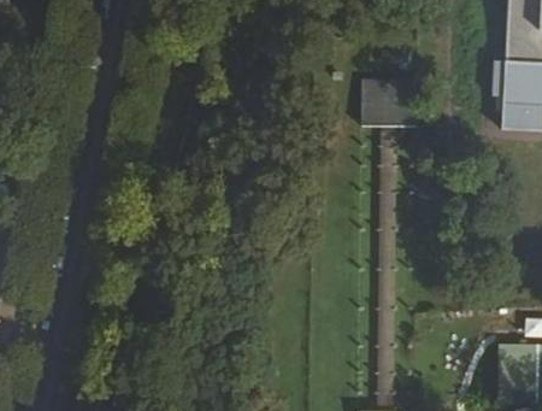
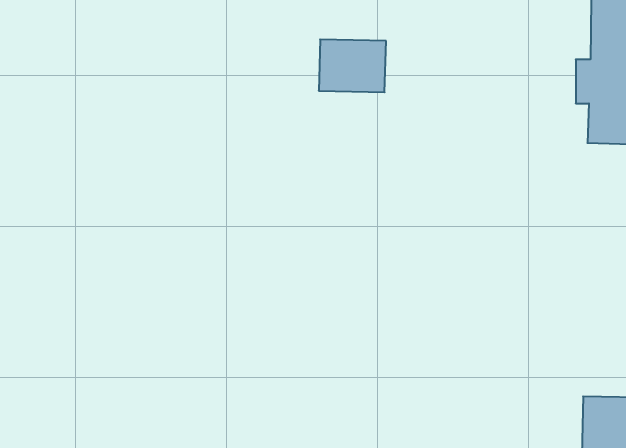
building: [371,89,426,133] -> [319,39,386,92]

